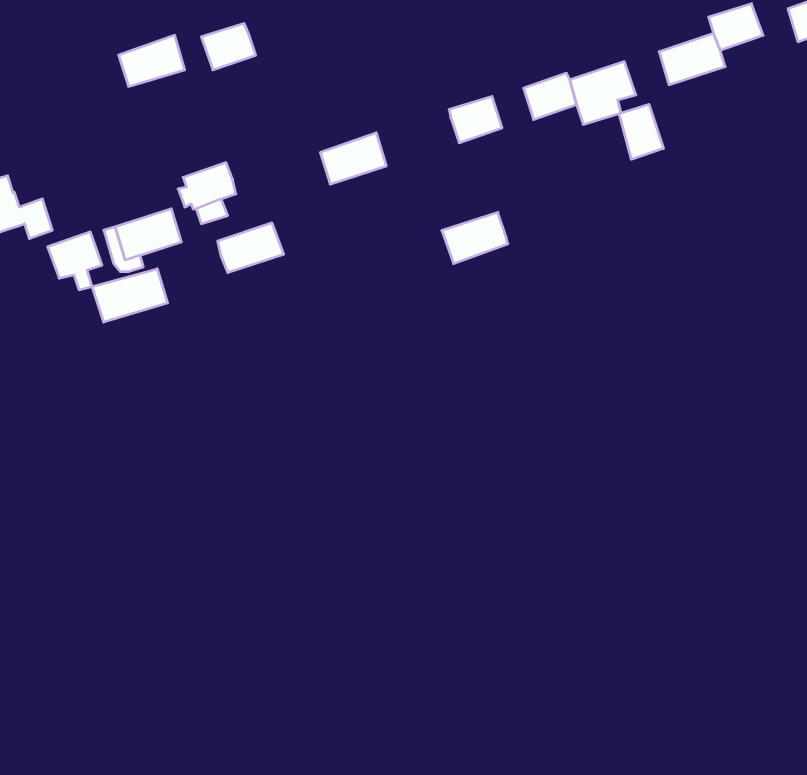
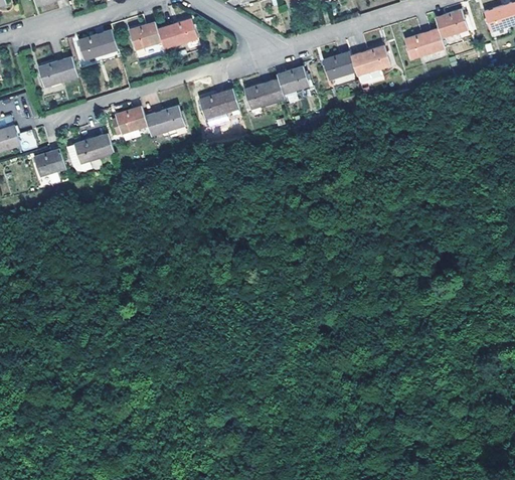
building: none -> [156,17,196,47]
building: none -> [36,55,76,87]
building: [619,104,663,159] -> none
building: [442,212,508,264] -> [244,78,285,110]
building: [218,223,284,273] -> [146,105,186,135]
building: [92,269,168,322] -> none

